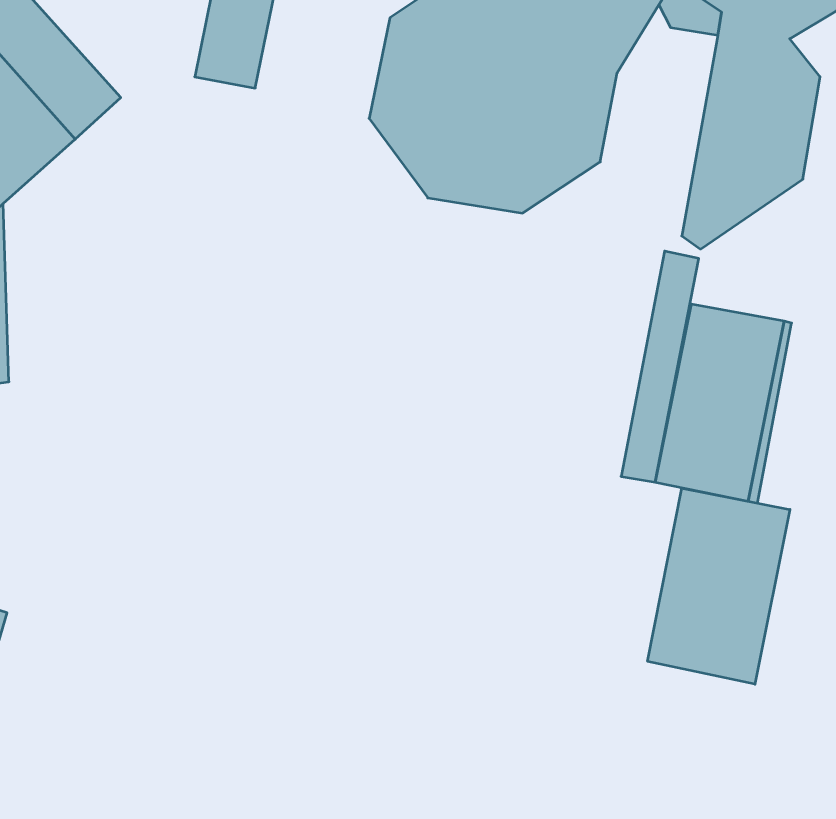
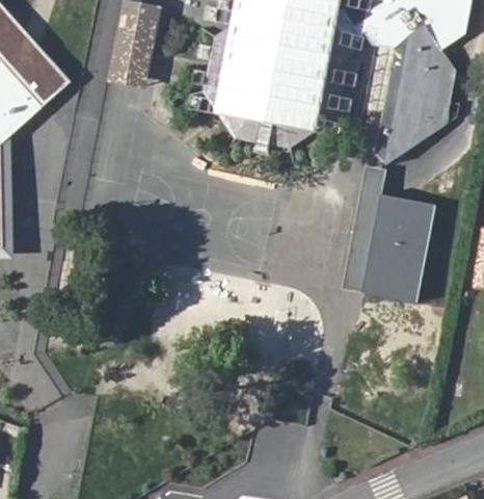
building: [648,488,790,684] -> none

